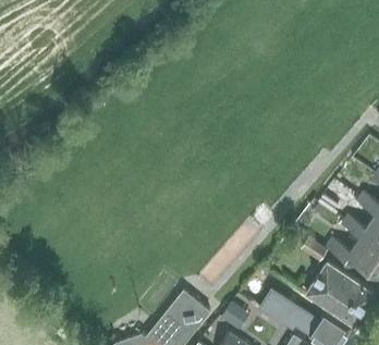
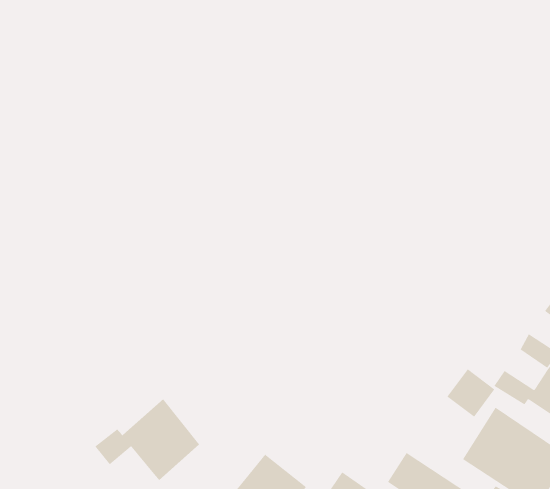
building: none -> [94,398,200,481]

